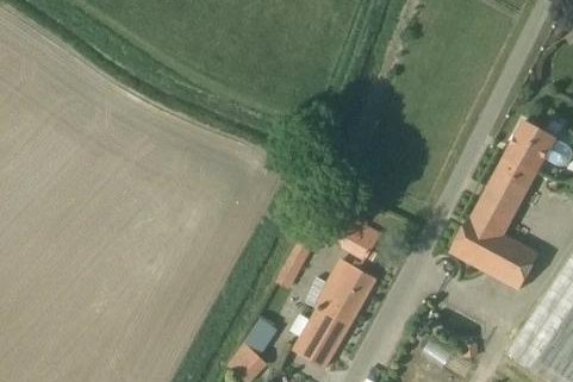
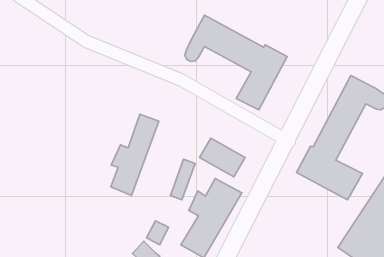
building: none -> [185,15,287,110]
building: none -> [111,114,159,196]

